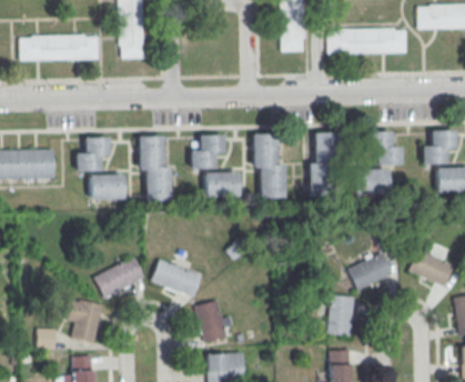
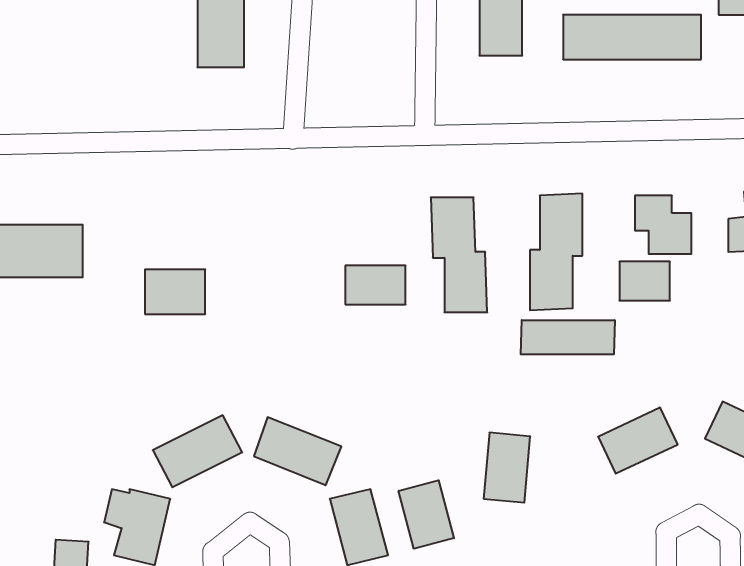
building: [21,34,100,61] -> none
building: [191,133,225,169] -> none
building: [140,134,171,200] -> none
building: [77,135,111,170] -> none
building: none -> [521,320,615,354]
building: none -> [399,480,454,549]
building: [328,295,355,335] -> [484,433,530,503]

